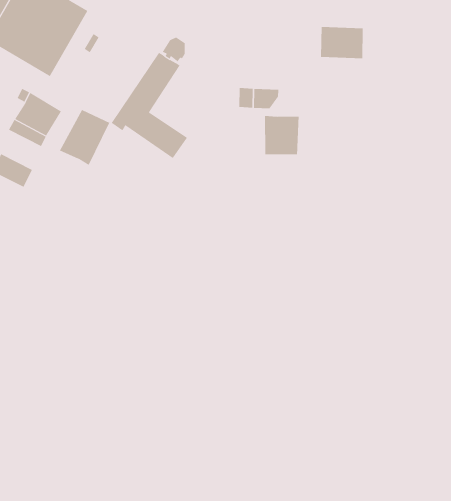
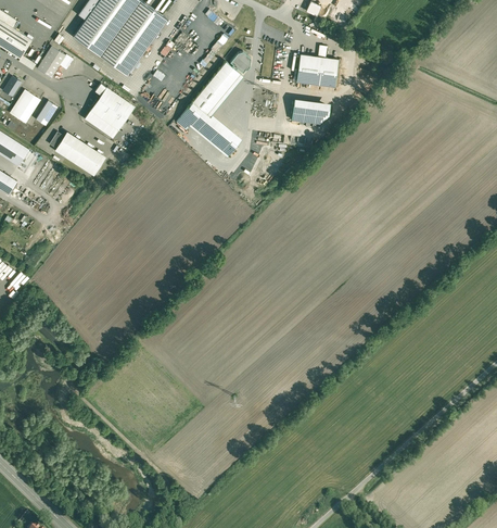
building: [320,27,364,59] -> [296,54,337,87]
building: [59,109,111,166] -> none
building: [263,115,299,155] -> none

